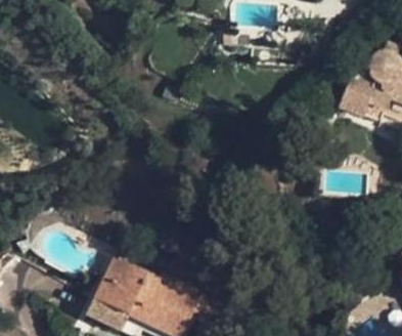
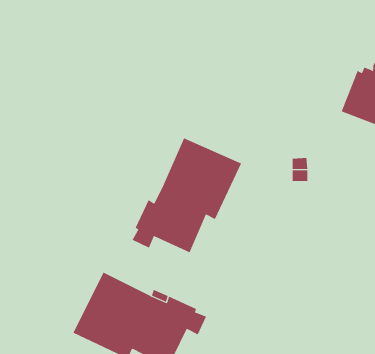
building: none -> [132,138,242,253]

